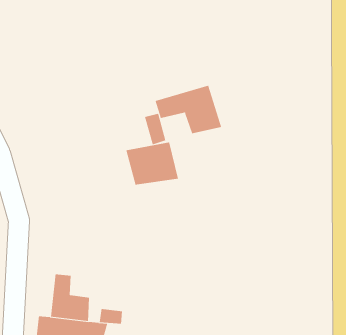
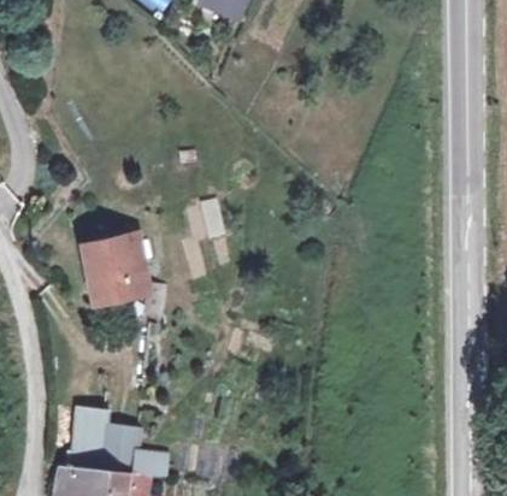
building: [155,85,222,134] -> none
building: [126,142,179,185] -> [78,237,148,294]

